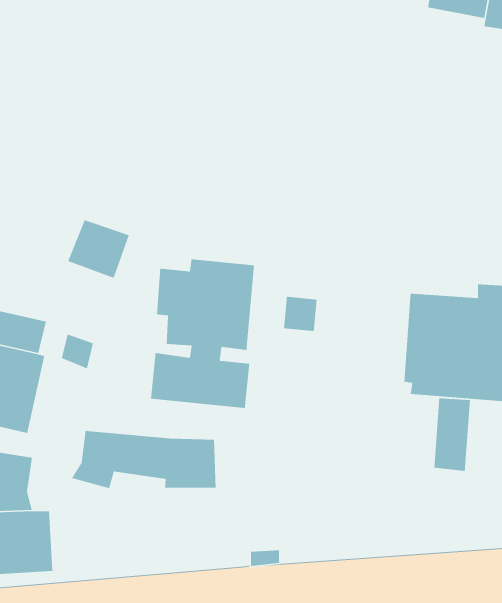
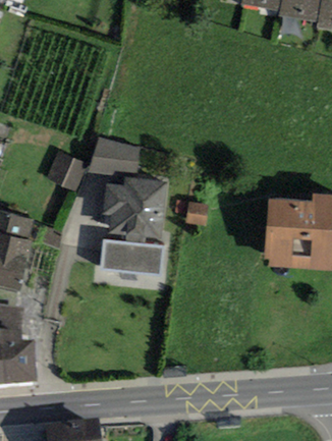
building: none -> [88,137,140,176]
building: [434,398,471,472] -> none
building: [71,430,216,489] -> none

